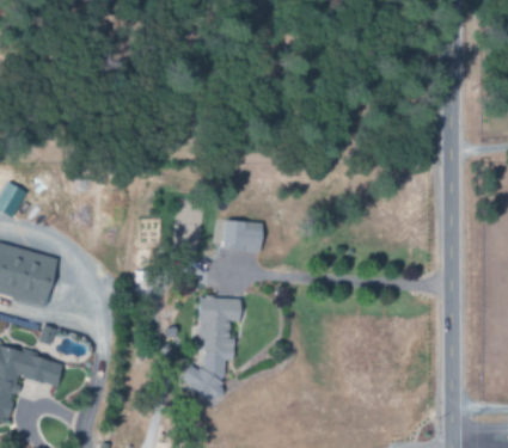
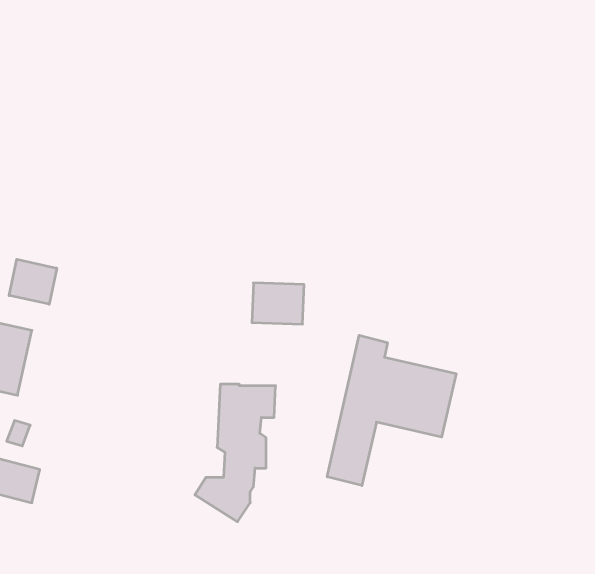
building: none -> [9,259,57,304]
building: none -> [327,335,456,486]

